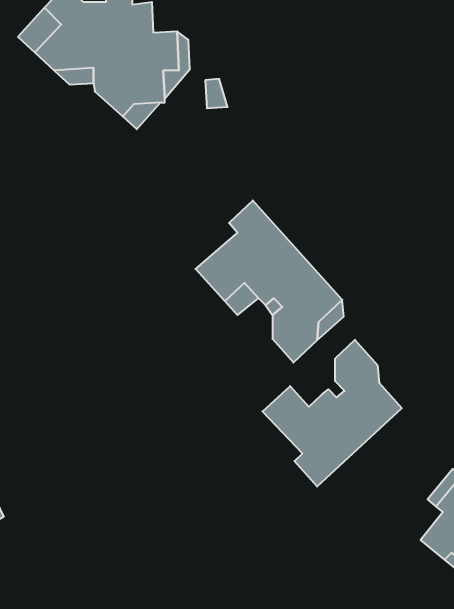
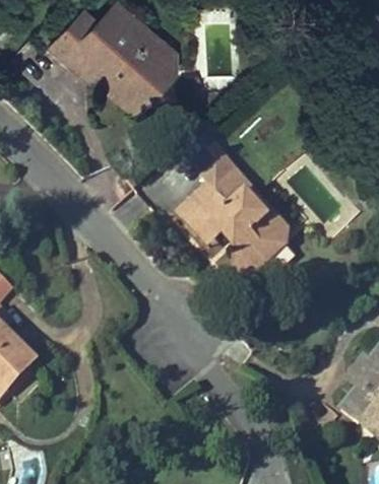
building: [262,340,402,487] -> none

